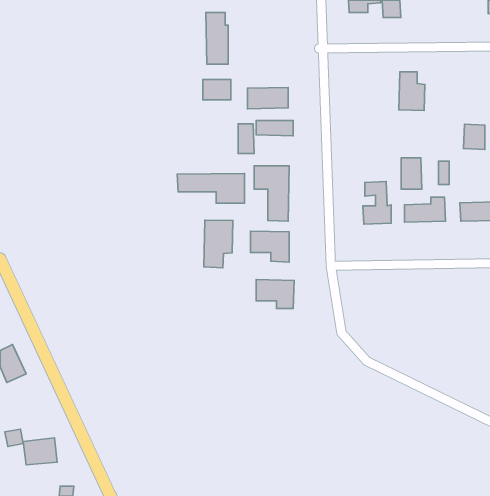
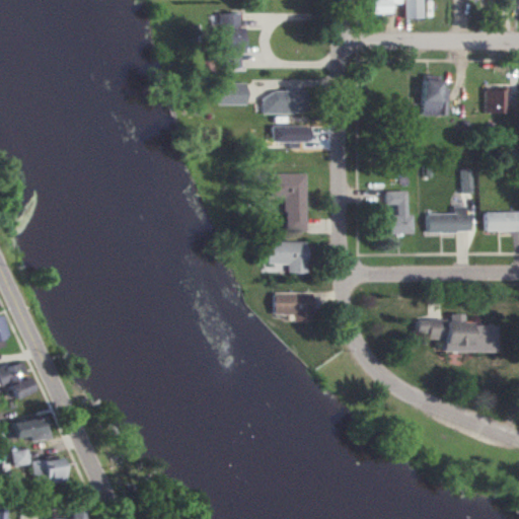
building: [238,124,254,153] -> none
building: [464,124,485,149] -> [488,87,510,114]
building: [401,158,422,189] -> none
building: [177,173,245,203] -> none
building: [204,220,233,268] -> none
building: none -> [416,313,498,352]
building: none -> [10,416,49,442]

